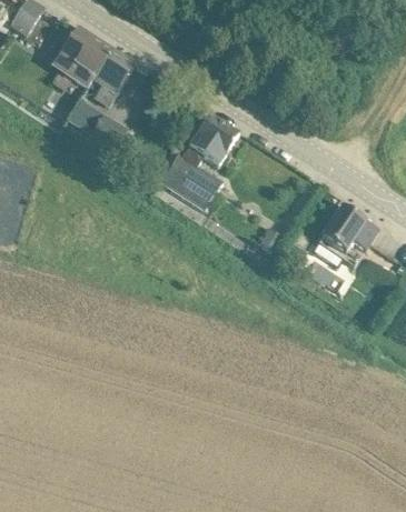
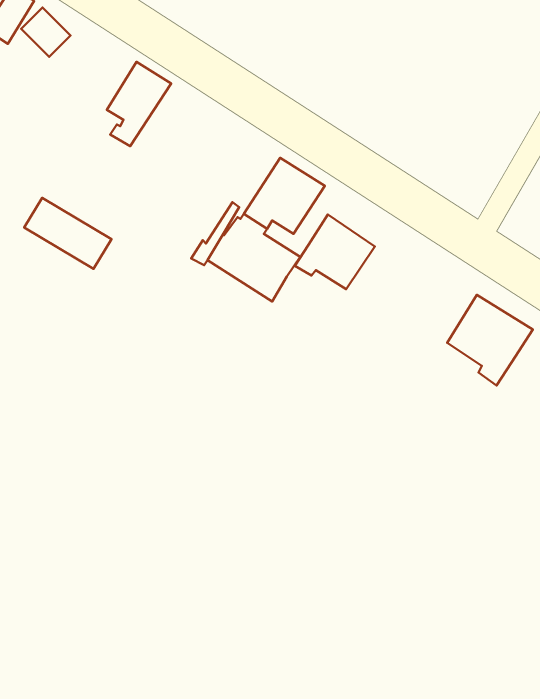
building: [51,27,111,90] -> none
building: [68,101,127,149] -> [24,198,112,269]
building: none -> [295,215,375,289]

